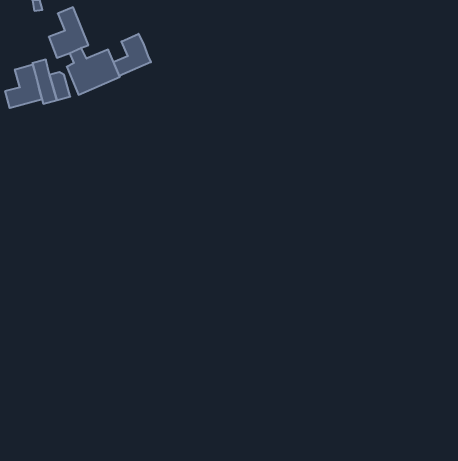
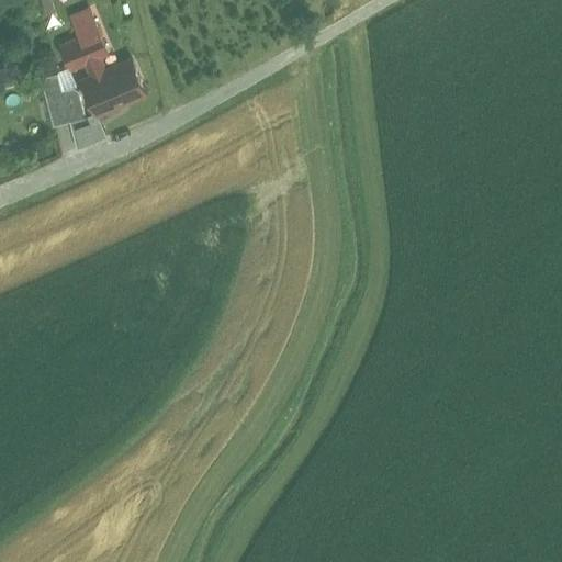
building: [114,34,151,76] -> none
building: [5,65,42,108] -> none

